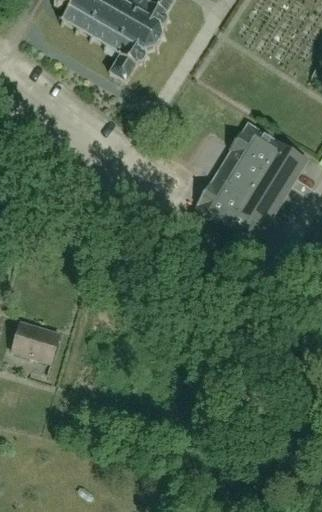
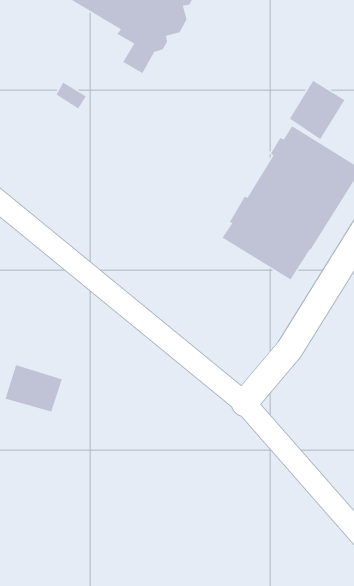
building: none -> [289,80,345,140]

